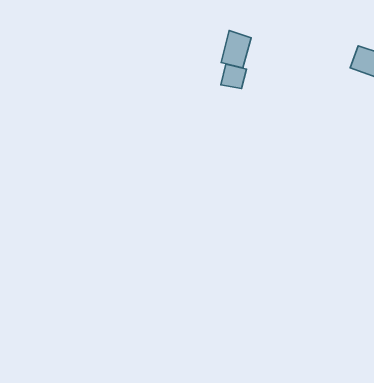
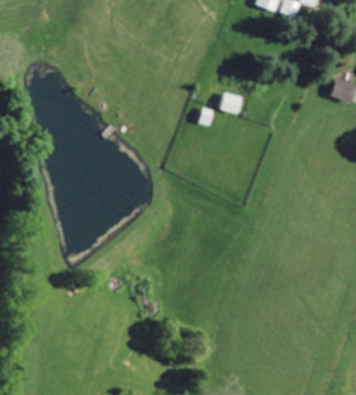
building: [221,30,251,68] -> none

